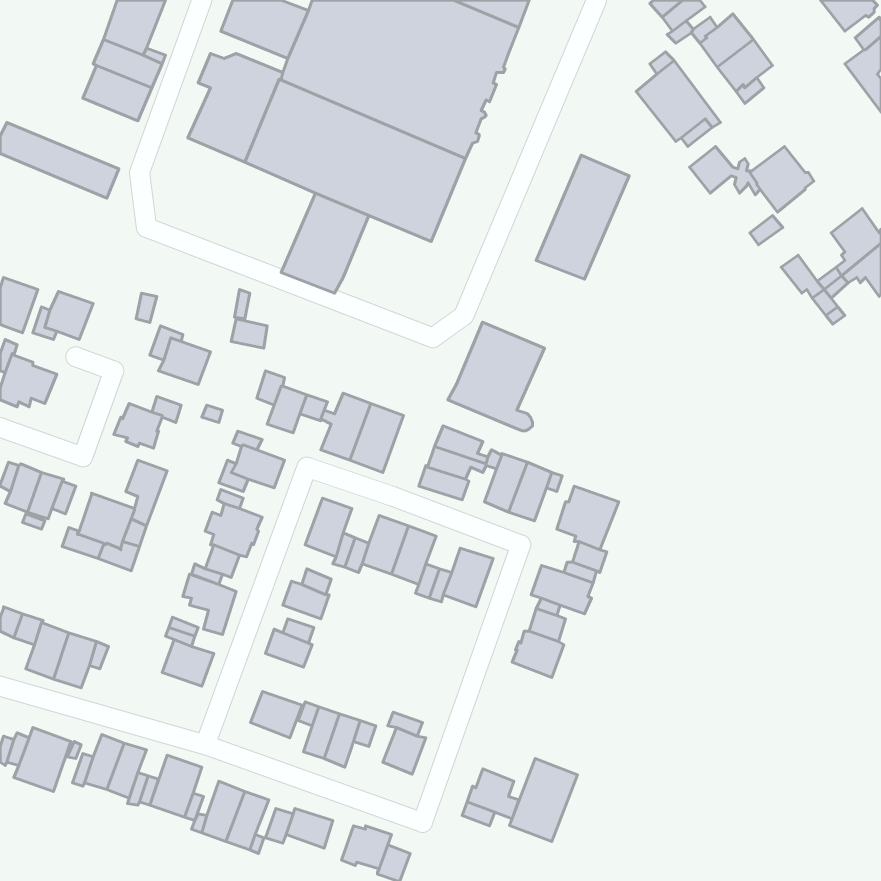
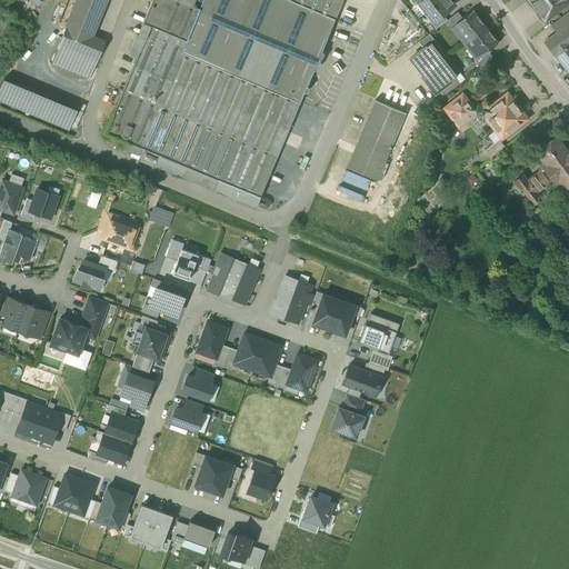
building: none -> [136,20,186,47]
building: none -> [103,89,203,176]
building: [448,322,544,431] -> [216,139,278,209]
building: [250,691,302,738] -> [97,433,130,463]
building: [510,759,577,842] -> none

